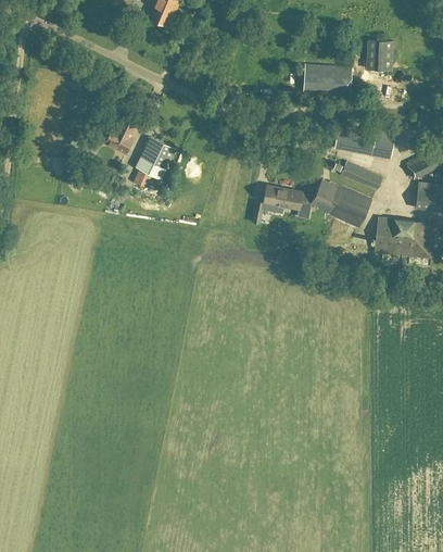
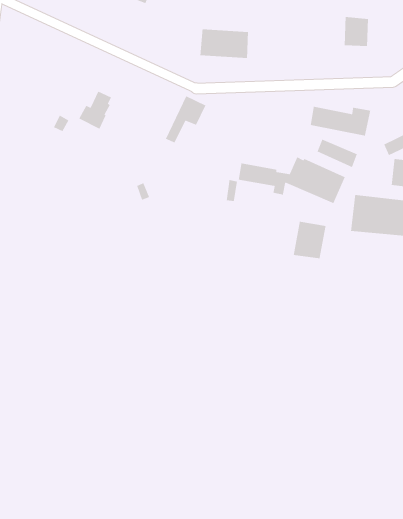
building: [302,64,351,95] -> [200,28,249,59]
building: [134,138,175,186] -> [165,95,206,143]
building: none -> [293,221,326,259]

